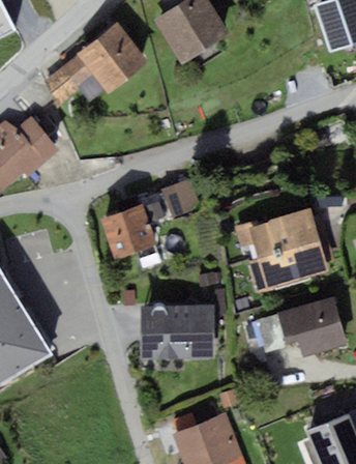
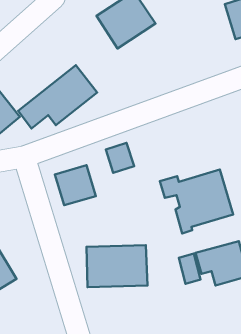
building: [43,26,142,105] -> [18,65,97,128]

